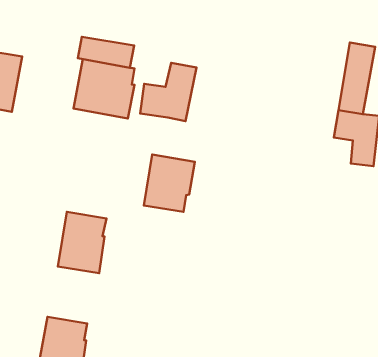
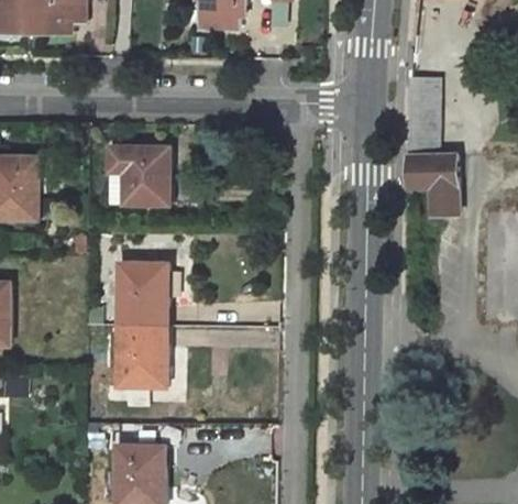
building: [78,37,134,68] -> none
building: [140,63,196,121] -> none
building: [144,155,195,212] -> [119,264,168,324]

